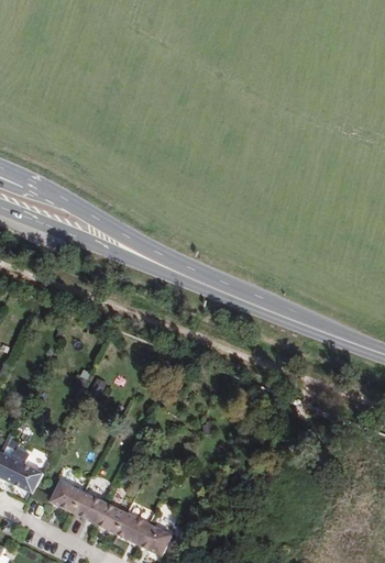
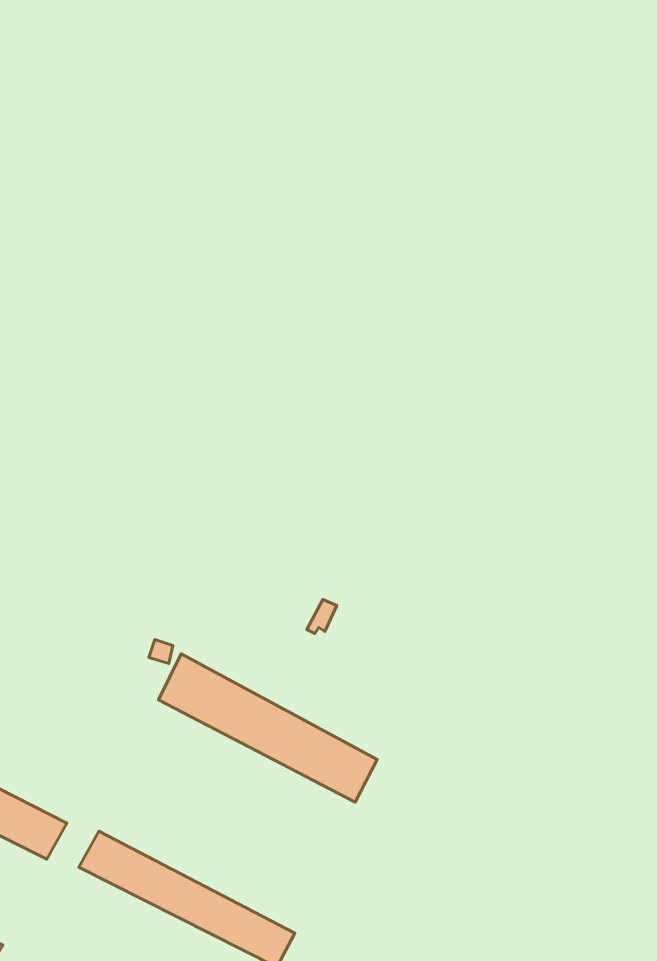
building: none -> [159,654,377,802]

